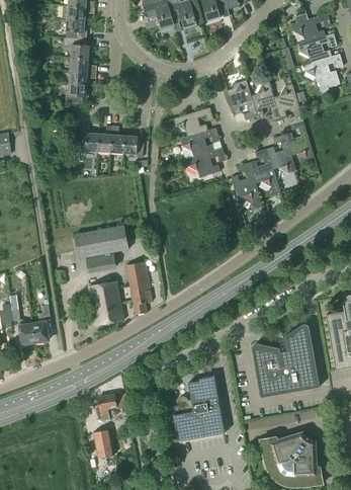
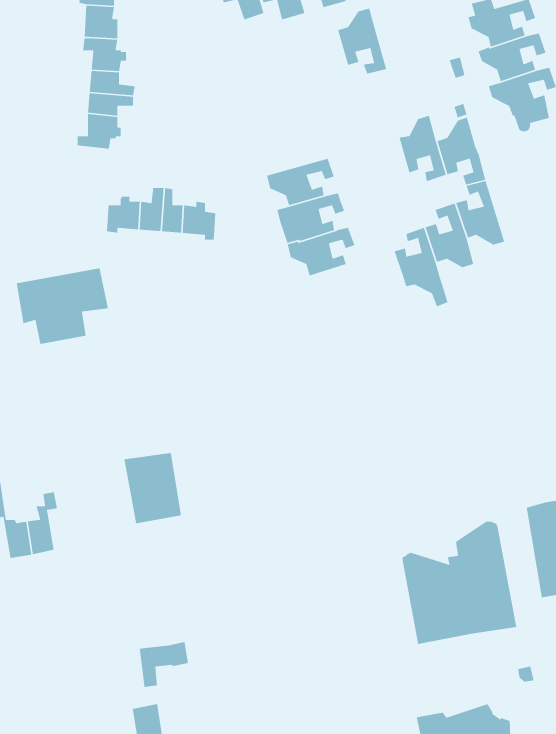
building: [228,81,257,120] -> [337,7,387,75]
building: [231,163,262,210] -> none
building: [75,225,129,270] -> [16,267,109,345]
building: [126,261,152,315] -> none
building: [174,374,226,439] -> none

